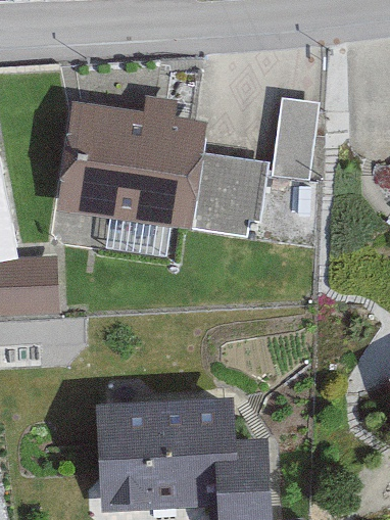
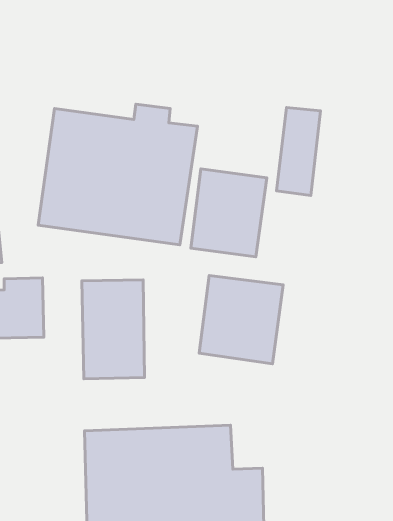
building: none -> [199,275,283,364]
building: none -> [82,280,145,379]

